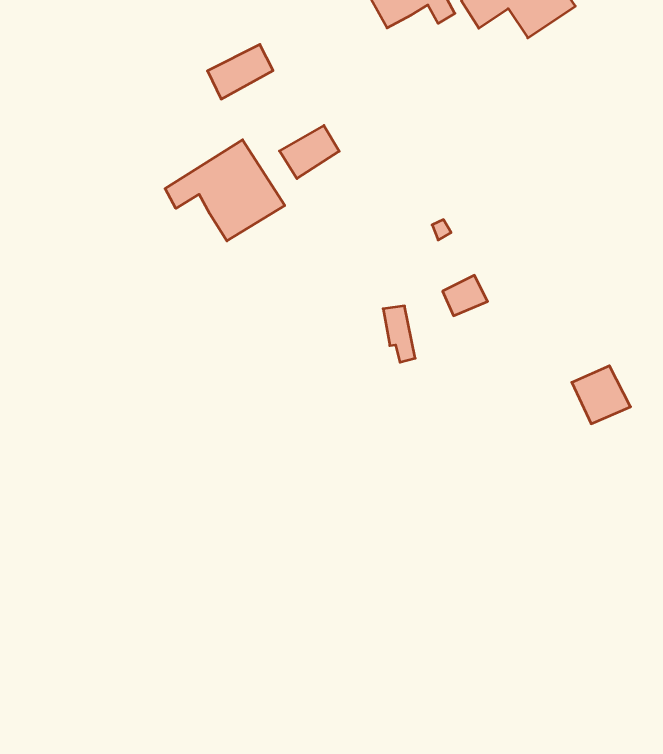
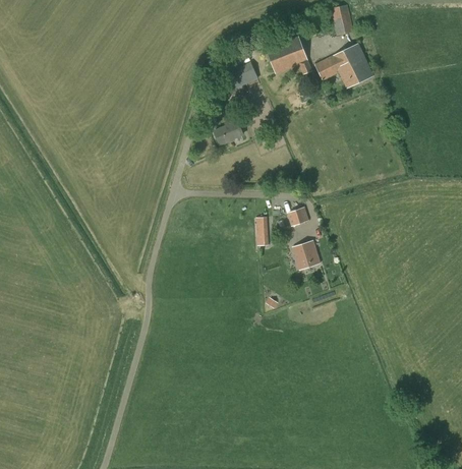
building: [207,44,273,99] -> [222,63,255,89]
building: [165,140,285,241] -> none
building: [572,366,631,424] -> [292,240,321,269]

